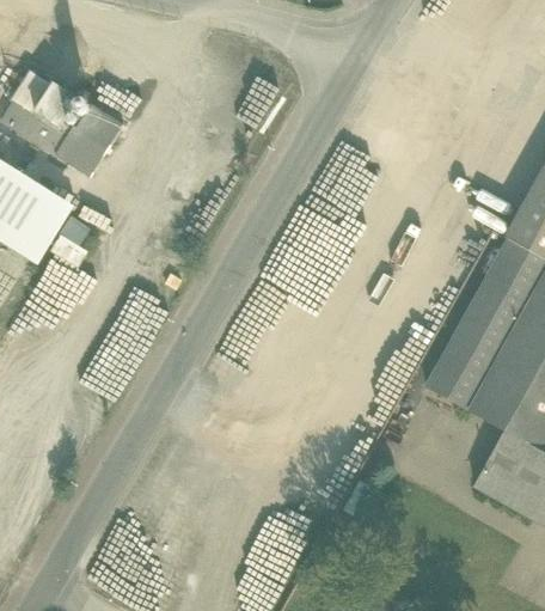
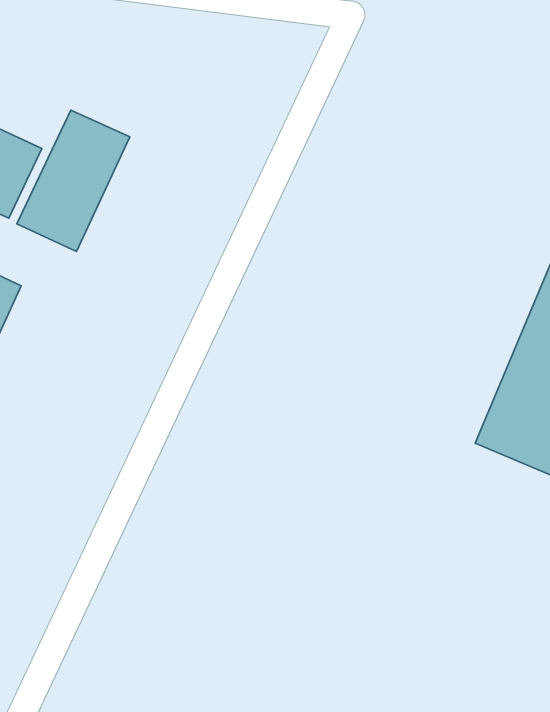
building: none -> [17,110,130,252]

